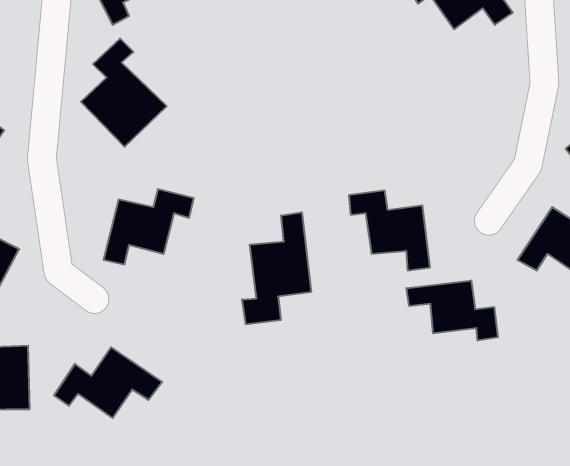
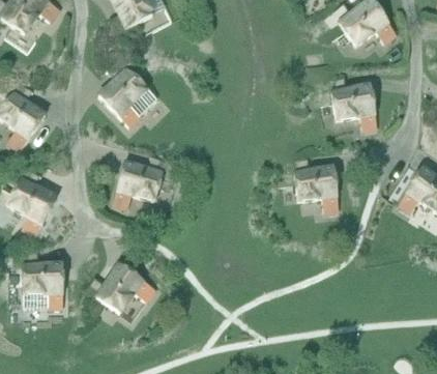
building: none -> [320,75,378,128]
building: [242,212,311,324] -> none
building: [406,280,498,341] -> none

